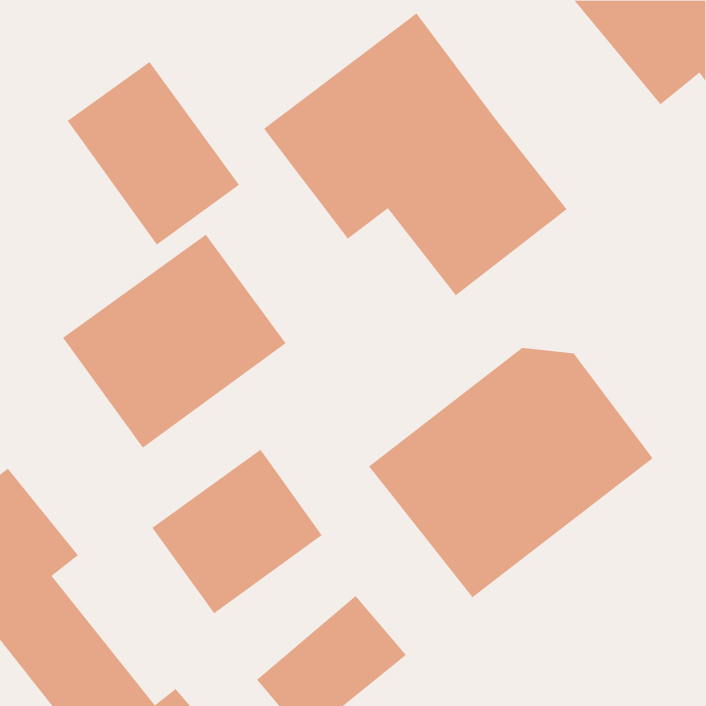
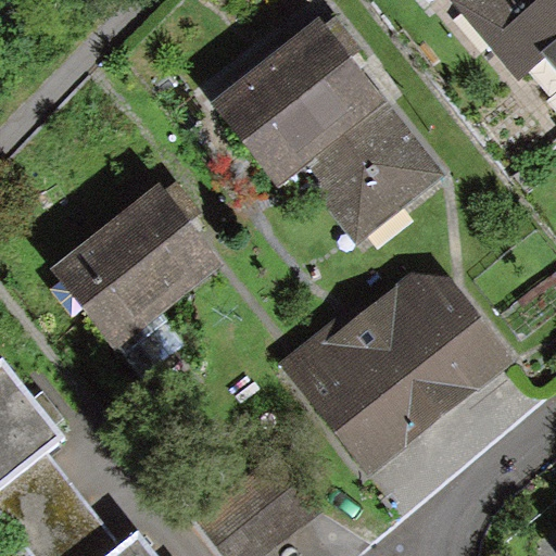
building: [67,61,240,245] -> none
building: [151,449,323,614] -> none

